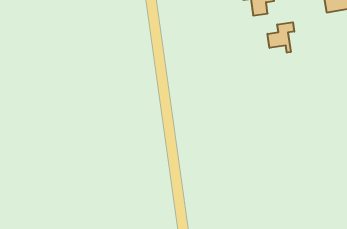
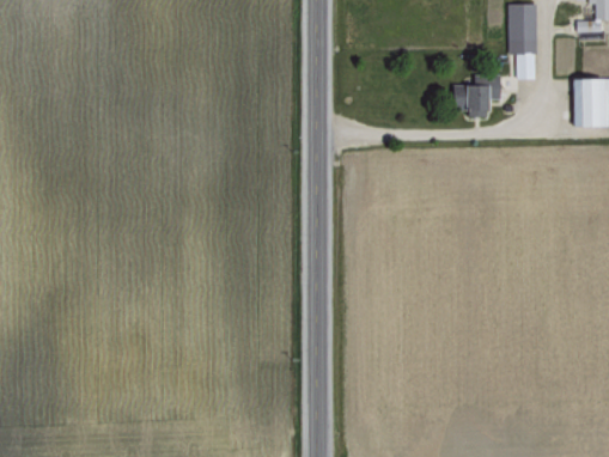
building: [268,22,294,53] -> none

